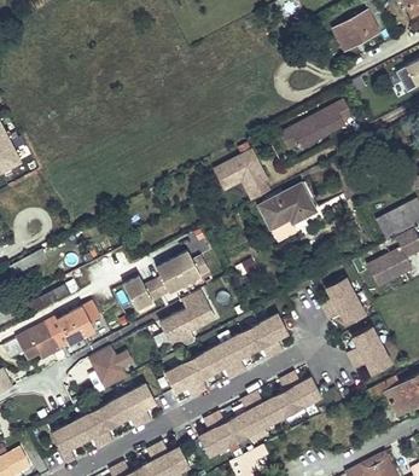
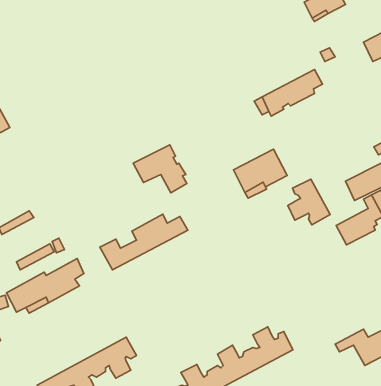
building: [213,150,269,201] -> [133,145,187,193]
building: [321,275,366,324] -> [288,179,330,225]
building: [159,292,209,352] -> none
building: [164,313,287,396] -> none
building: [347,326,391,375] -> none
building: [88,346,133,388] -> none

